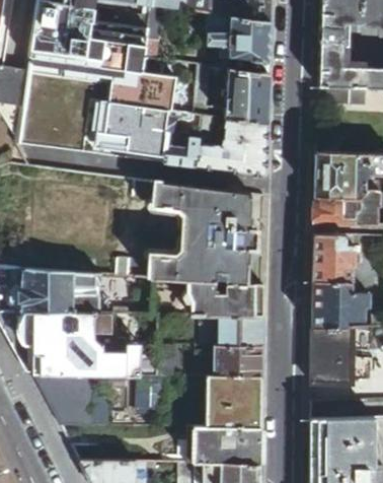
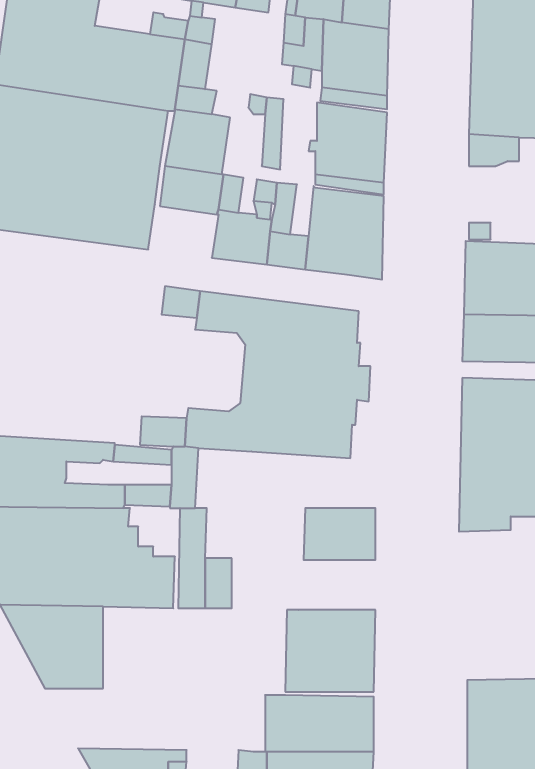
building: [128,130,167,161] -> none
building: [186,279,263,314] -> none
building: [311,327,354,401] -> none
building: [216,345,262,375] -> none

